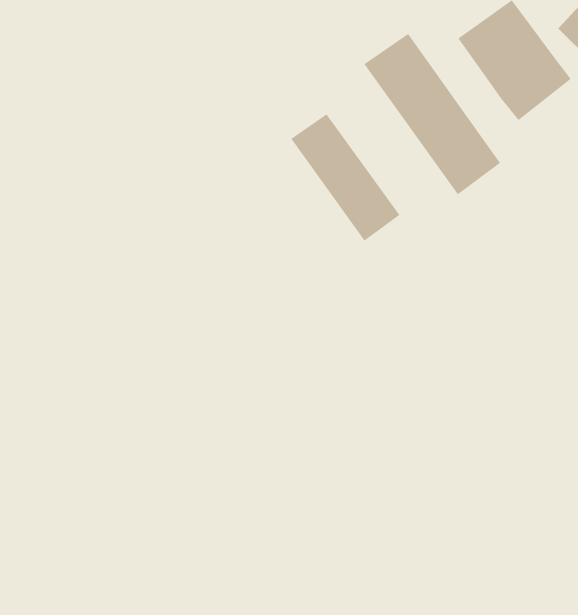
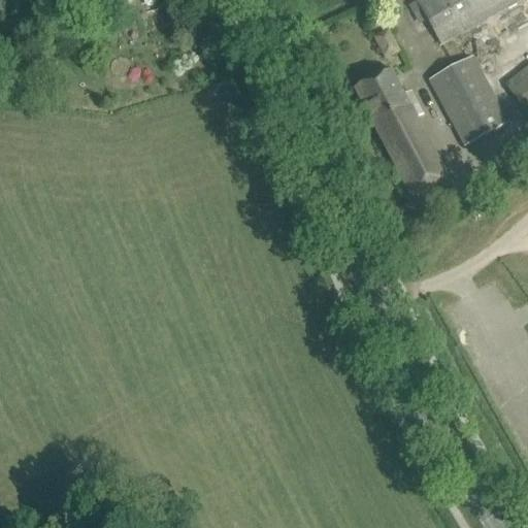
building: [290,113,400,242] -> none

